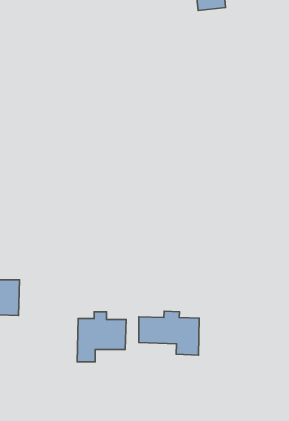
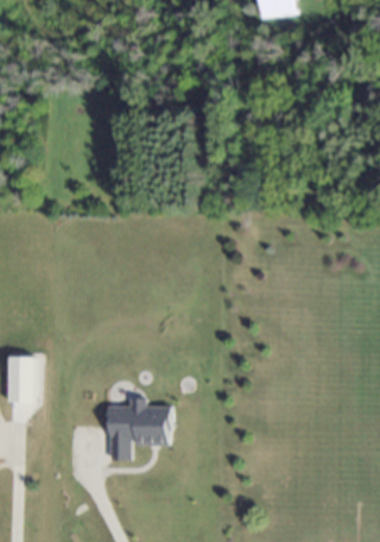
building: [139,311,199,355] -> none

